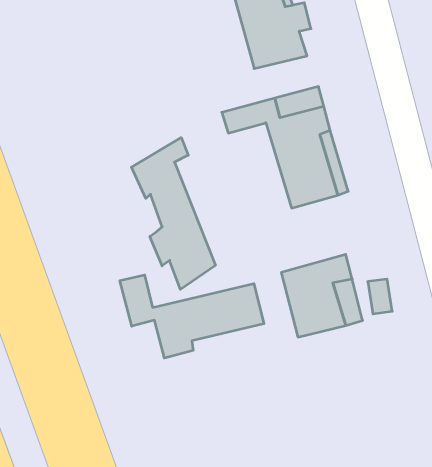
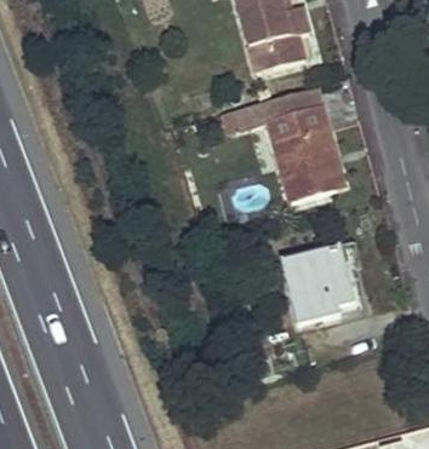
building: [131,138,215,289] -> none
building: [120,275,264,358] -> none

